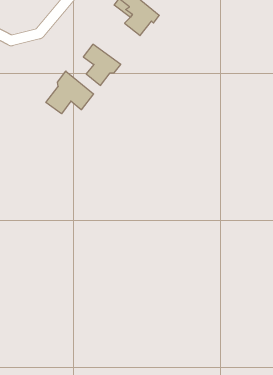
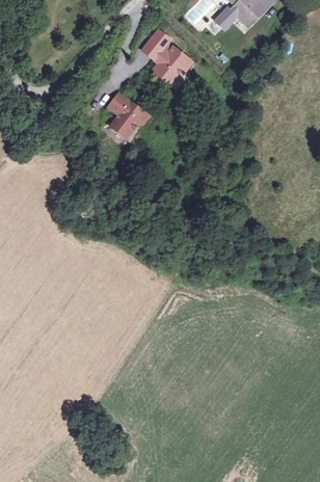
building: [46,71,94,114] -> none

